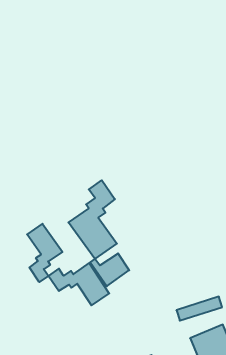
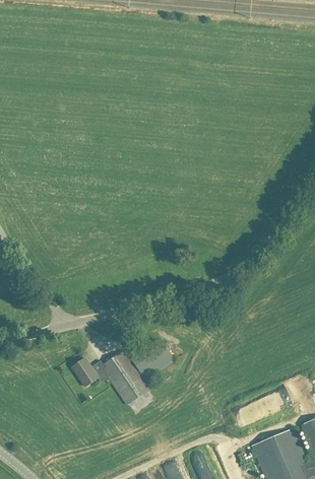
building: [68,180,117,259] -> none
building: [27,224,62,282] -> none

